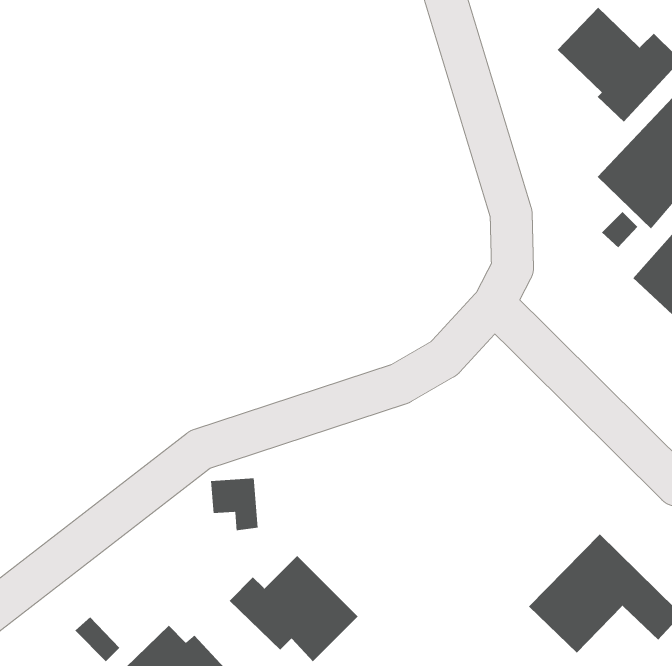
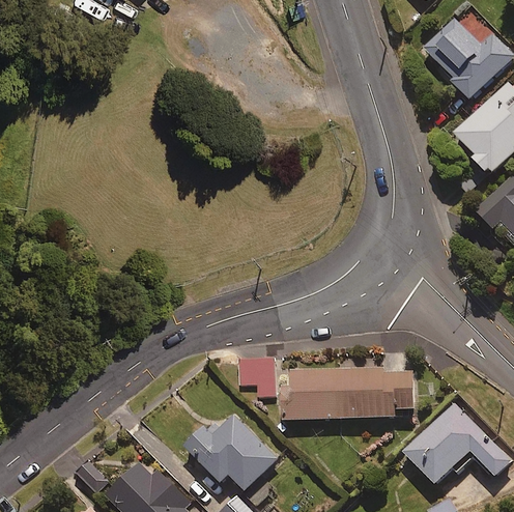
building: [210,478,259,531] -> [239,357,275,395]
building: none -> [281,367,415,421]

